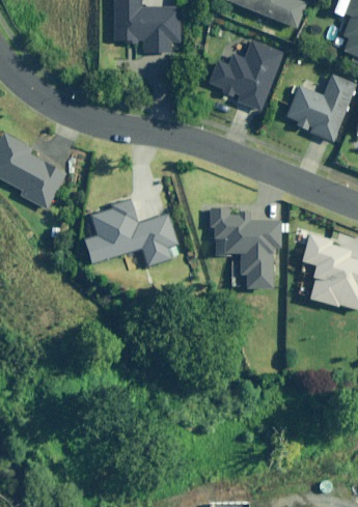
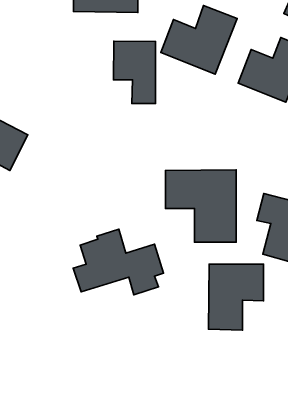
building: none -> [113,41,155,104]
building: [83,200,177,269] -> [73,229,163,295]
building: none -> [209,264,263,330]

